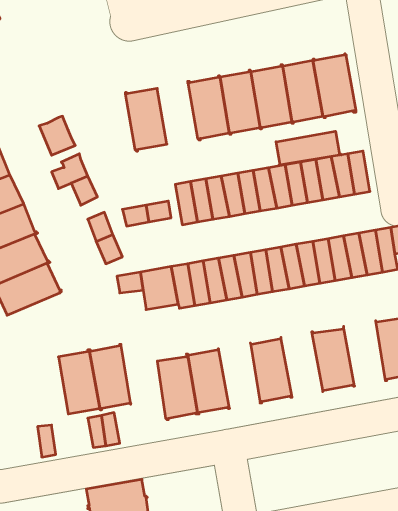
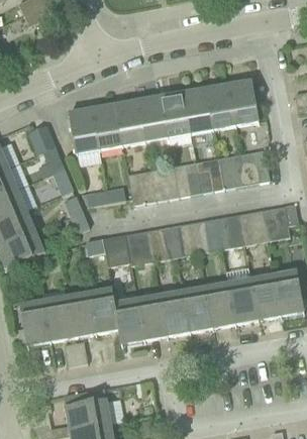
building: none -> [115,101,144,146]
building: none -> [69,109,99,154]
building: [276,131,341,165] -> none
building: none -> [250,273,281,321]
building: none -> [205,282,235,329]
building: none -> [89,287,119,333]
building: none -> [160,290,190,337]
building: none -> [20,299,50,346]

